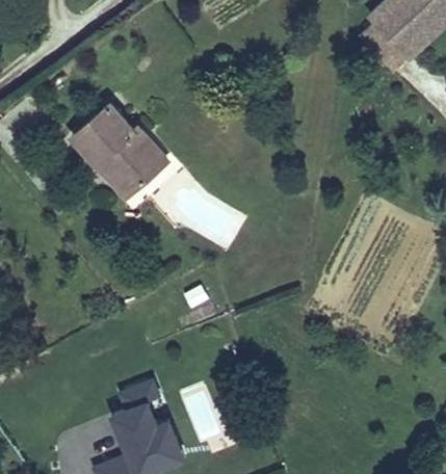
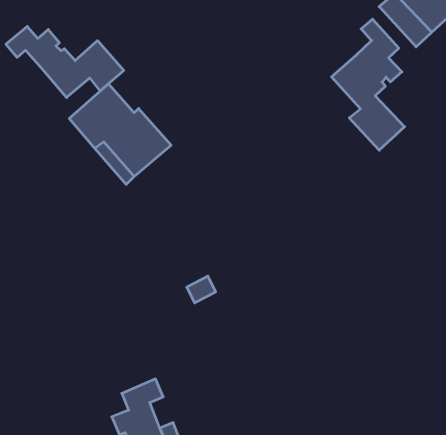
building: none -> [332,19,405,150]
building: none -> [6,26,124,98]

